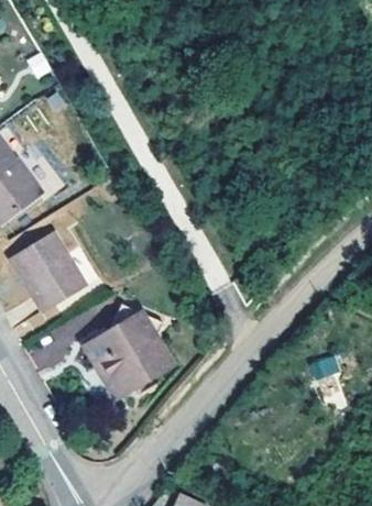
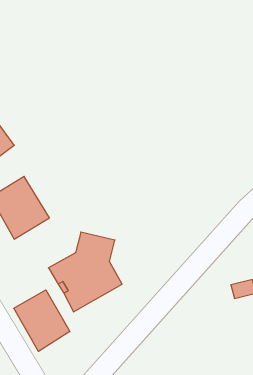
building: none -> [14,290,70,351]

